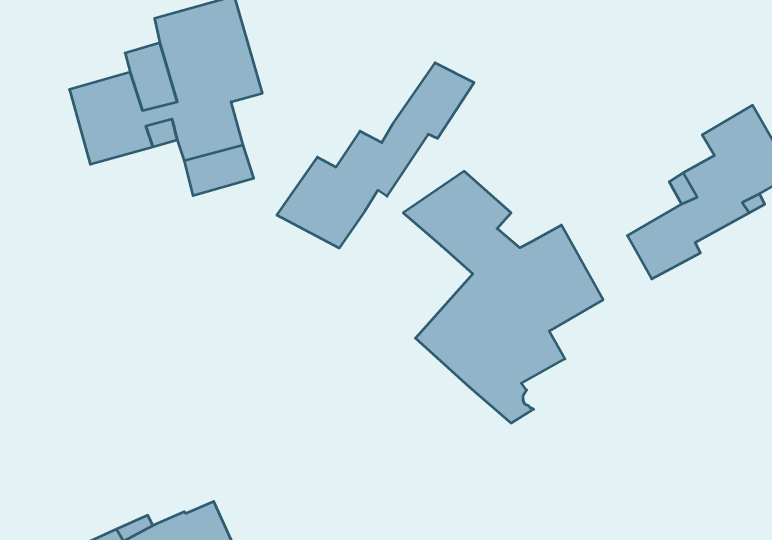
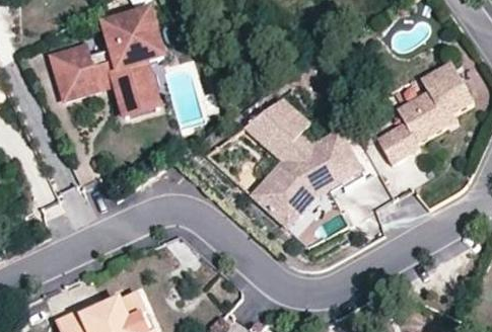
building: [277,63,474,248] -> none

